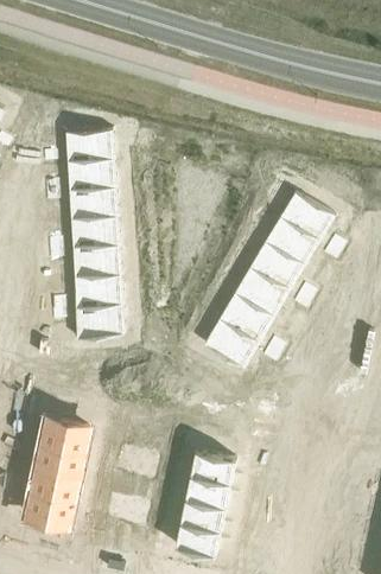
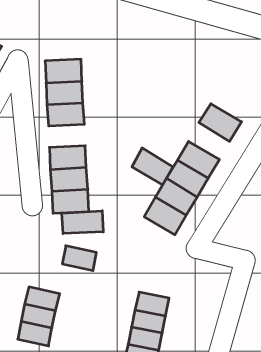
building: [265,215,322,266] -> [132,148,173,185]
building: [70,217,121,249] -> none
building: none -> [62,211,103,234]
building: [43,417,90,452] -> [62,246,96,271]

